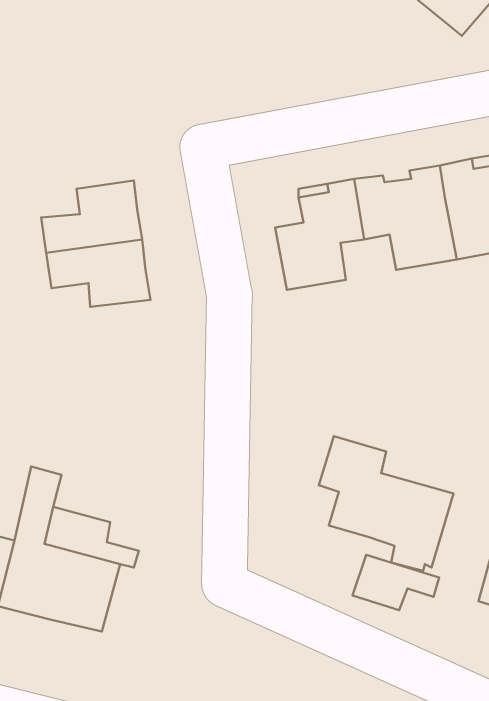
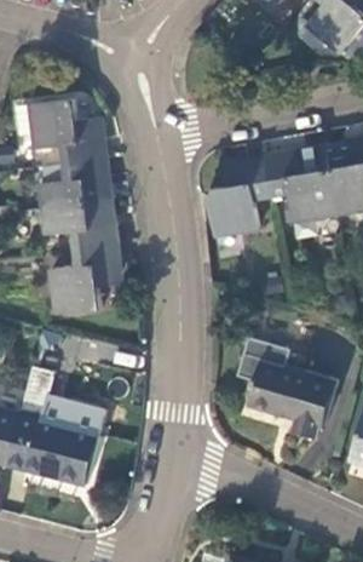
building: none -> [15,99,105,164]
building: none -> [51,243,120,314]
building: [352,555,439,610] -> none

